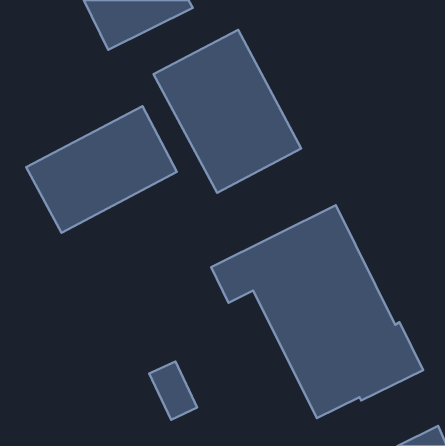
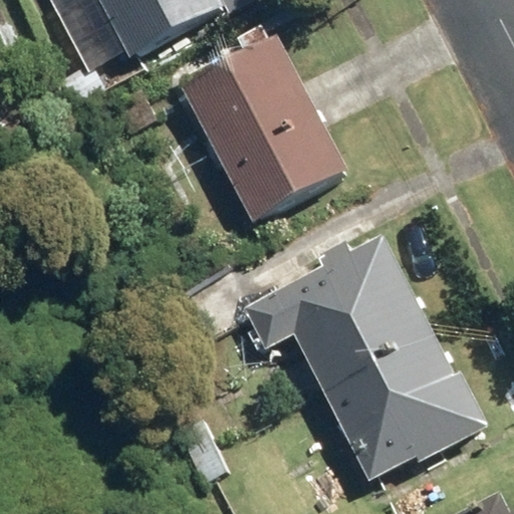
building: [26,106,177,233] -> none

